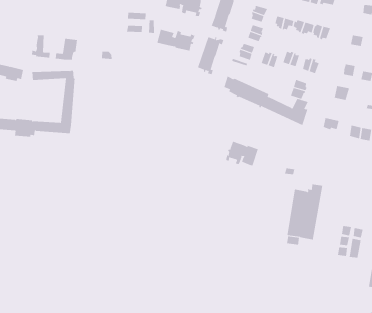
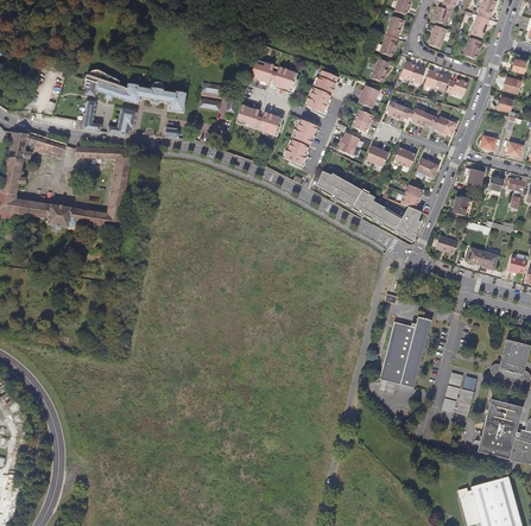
building: none -> [86,70,187,110]
building: [225,141,258,166] -> none

